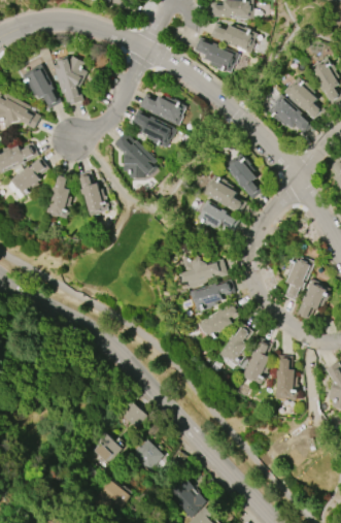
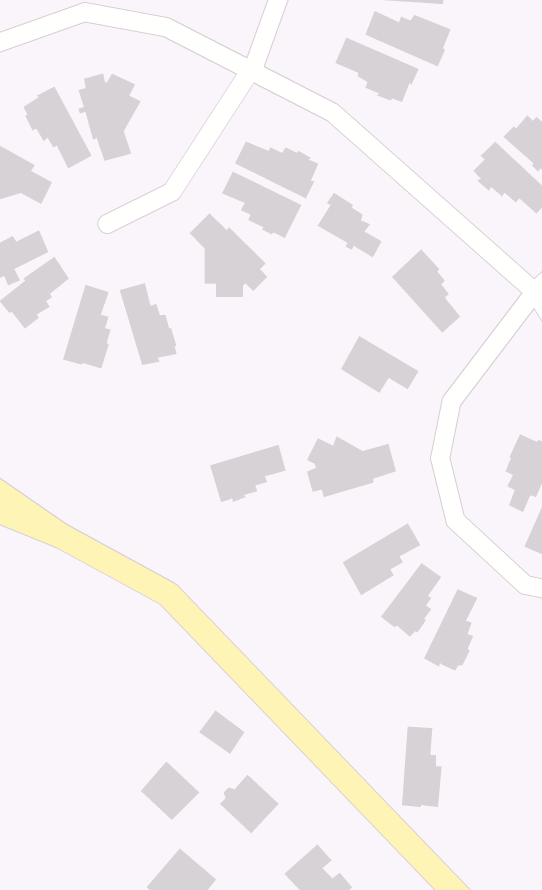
building: [206,174,242,210] -> [316,192,383,258]
building: [190,280,232,312] -> [209,444,287,503]
building: [274,355,297,399] -> [401,726,443,807]

